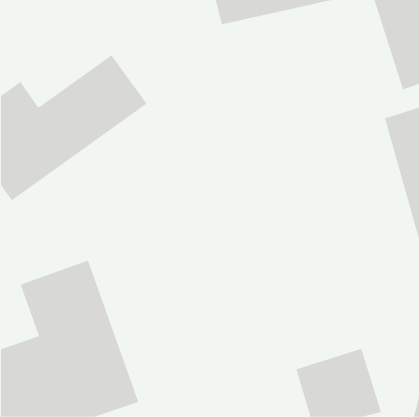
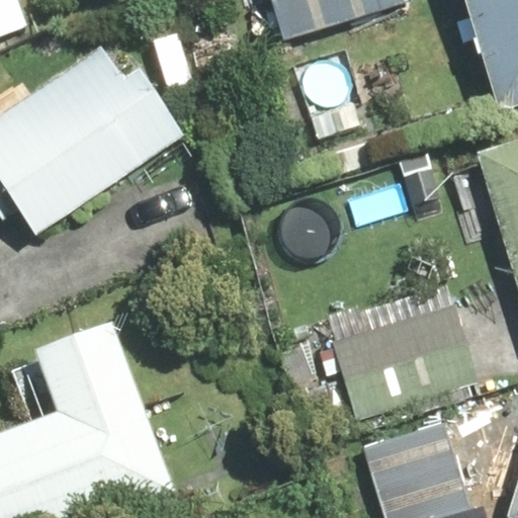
building: none -> [332,304,481,425]

